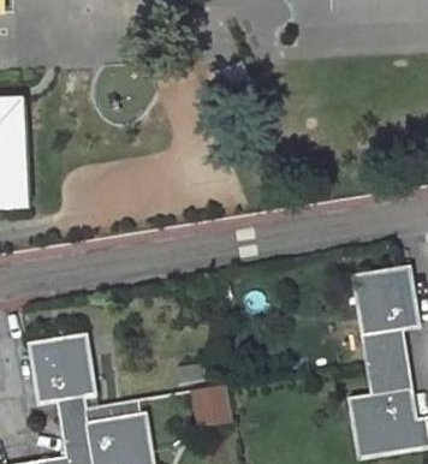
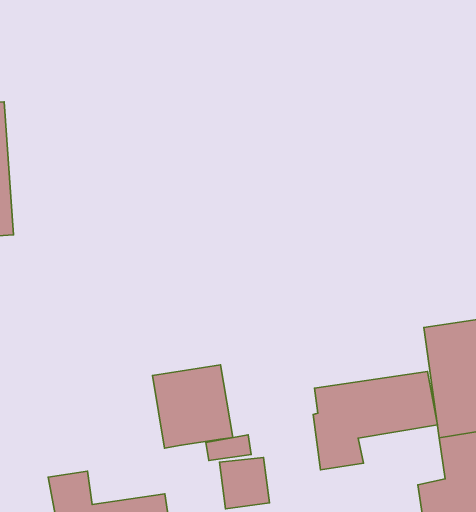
building: none -> [313,372,437,470]
building: [34,332,97,398] -> [152,365,233,448]

